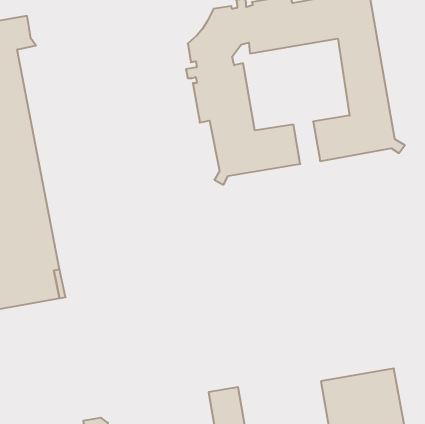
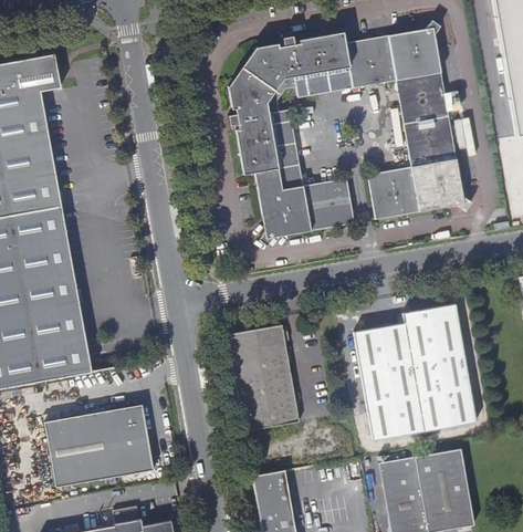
building: none -> [354,305,477,441]
building: none -> [228,326,300,432]
building: none -> [44,405,154,487]

